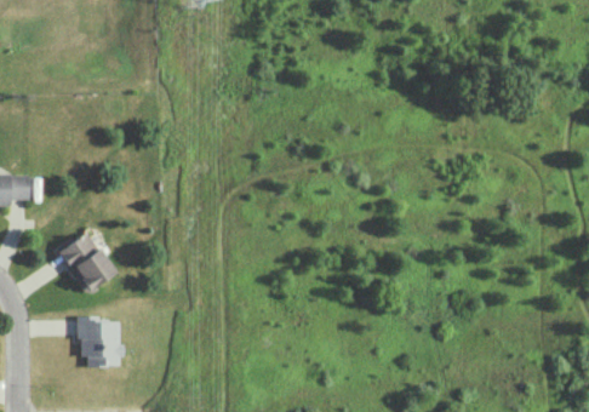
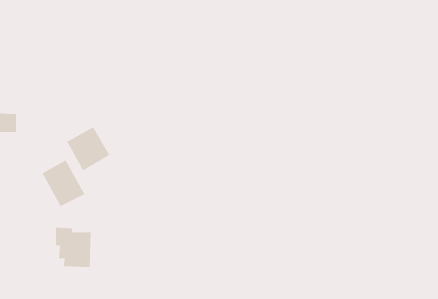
building: none -> [66,126,110,171]

